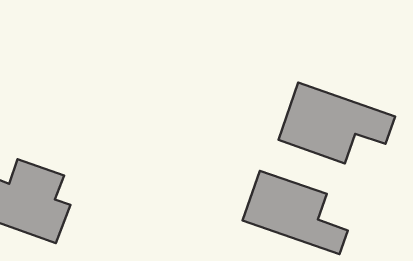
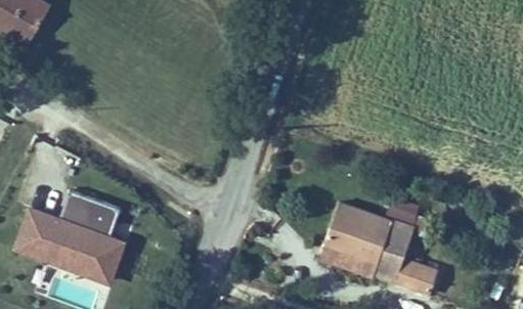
building: [278,83,395,164] -> none

